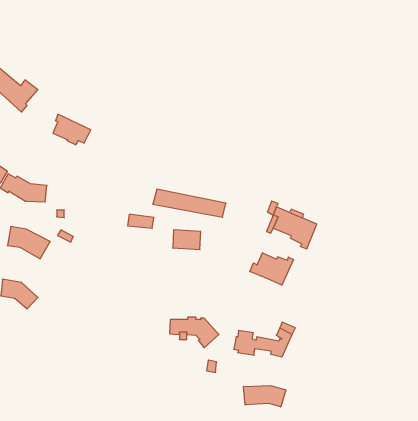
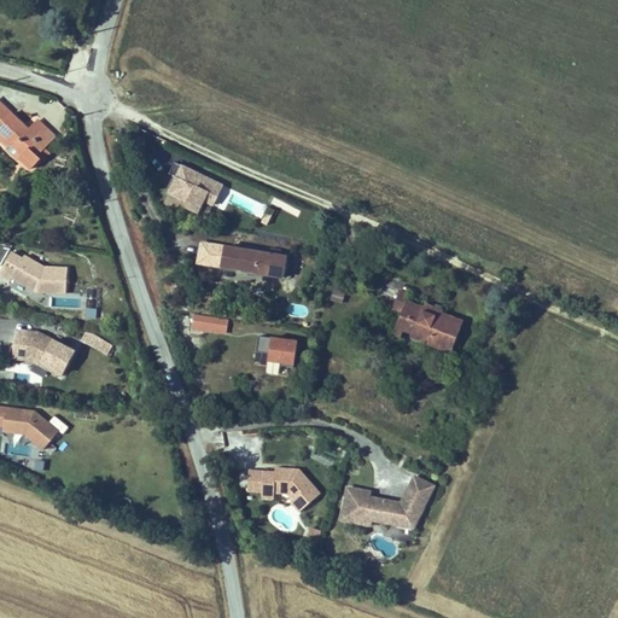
building: [53,114,91,145] -> [162,162,217,206]
building: [153,189,226,217] -> [181,239,288,280]
building: [250,253,293,285] -> none
building: [244,386,286,407] -> none

